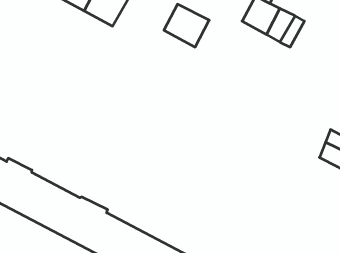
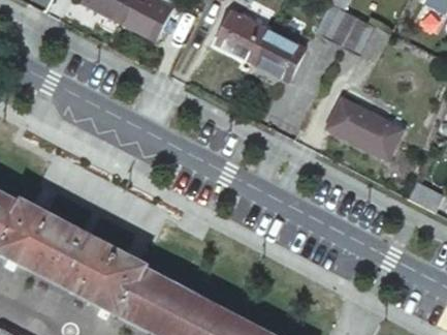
building: none -> [255,32,307,84]
building: none -> [327,100,403,162]

